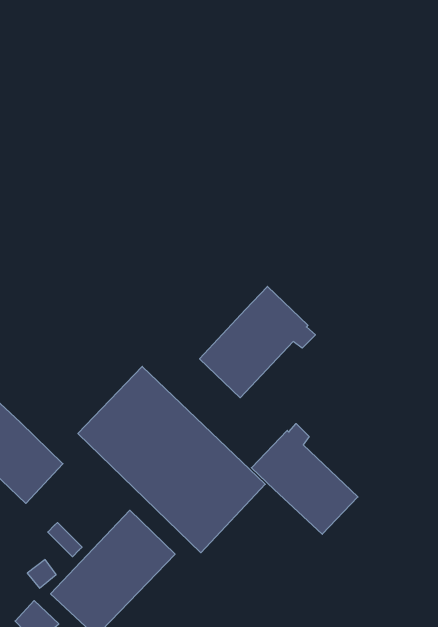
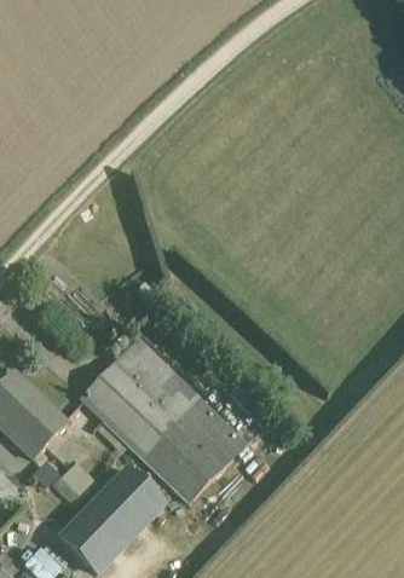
building: [200,286,315,398] -> none
building: [251,424,358,534] -> none

